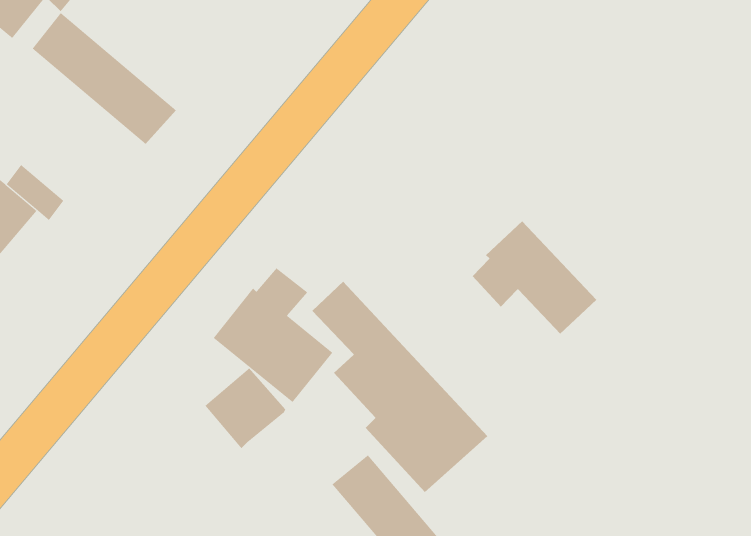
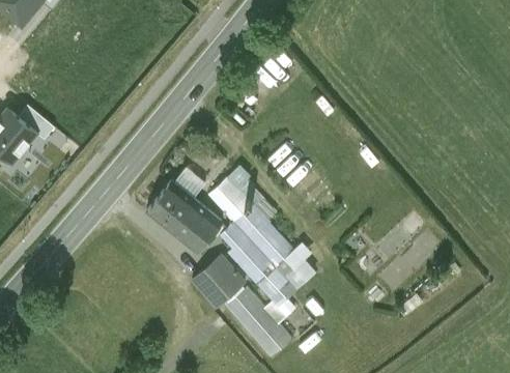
building: [32,12,177,145] -> none
building: [472,220,597,334] -> none
building: [204,367,286,449] -> [193,256,244,307]

